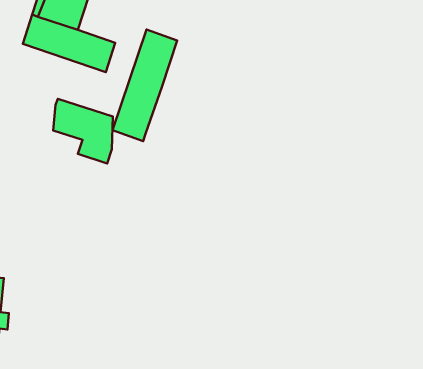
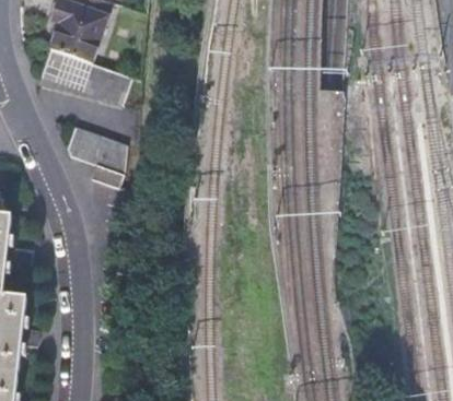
building: [112,30,177,141] -> none

